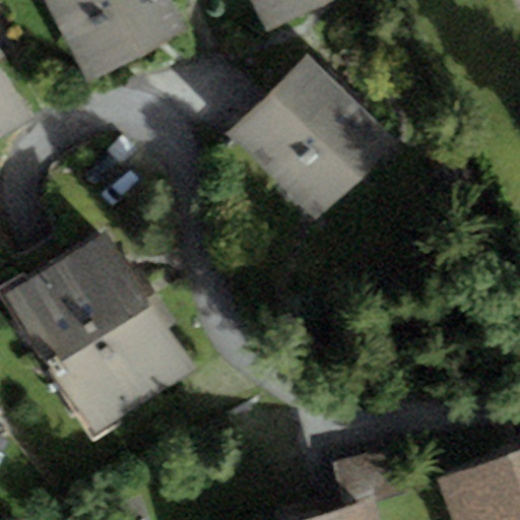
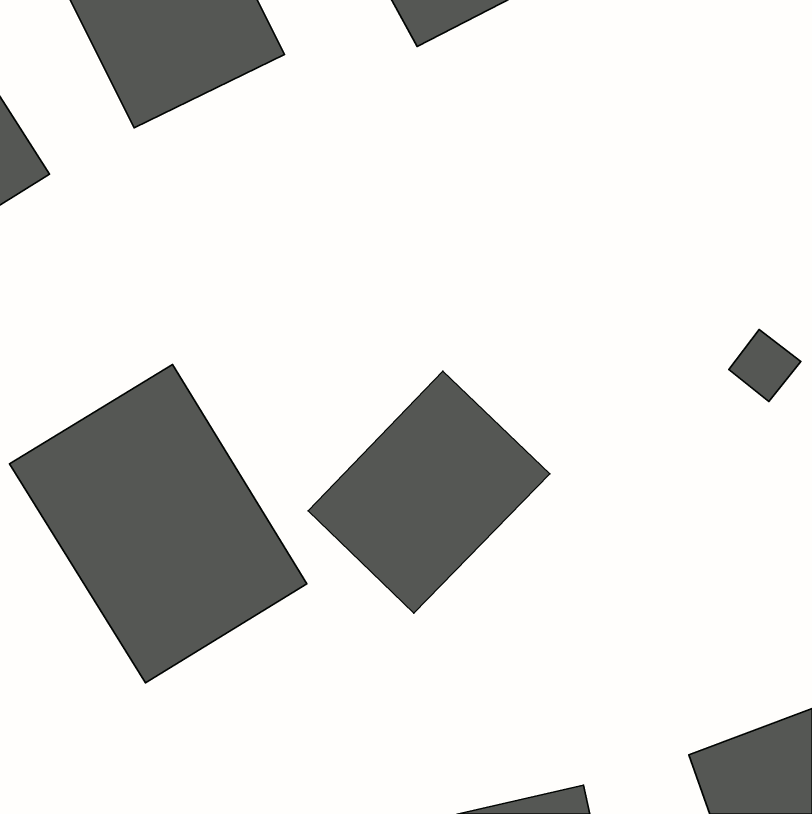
building: [228,57,393,221] -> none
building: none -> [308,371,550,613]

